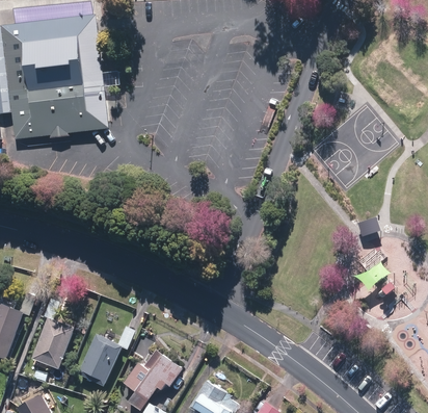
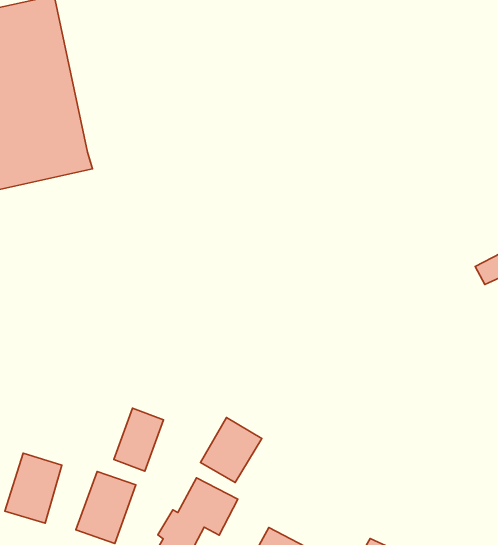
building: none -> [114,408,163,471]
building: none -> [201,417,262,482]

